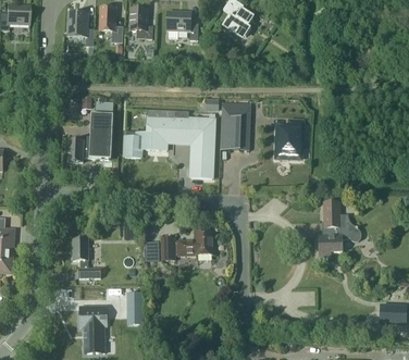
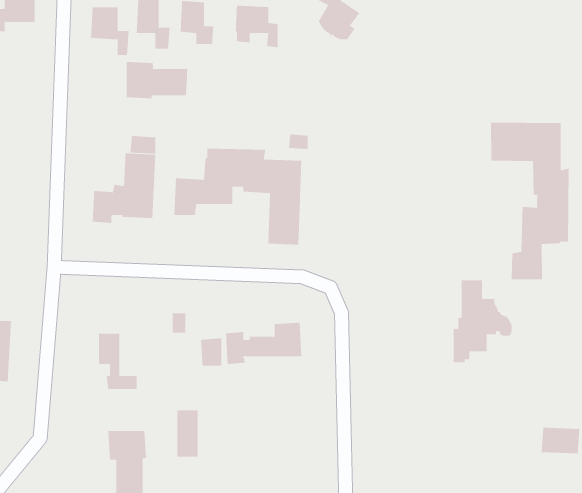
building: none -> [126,61,188,99]
building: none -> [491,122,569,280]
building: [220,105,250,150] -> none
building: [278,121,302,156] -> none

